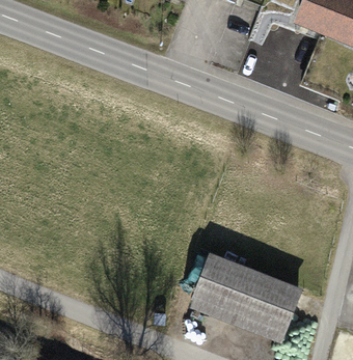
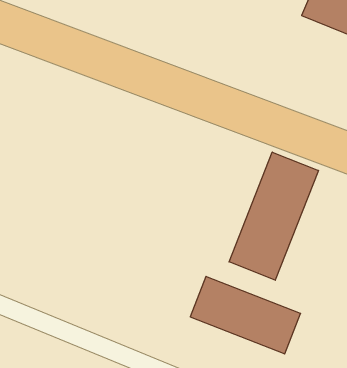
building: none -> [229,152,318,280]

